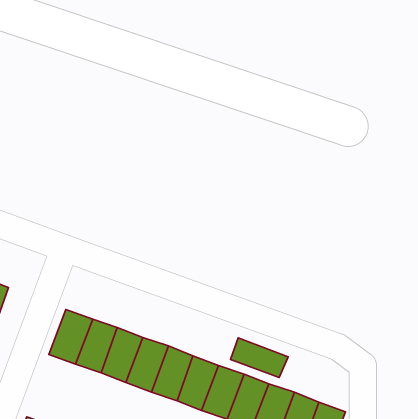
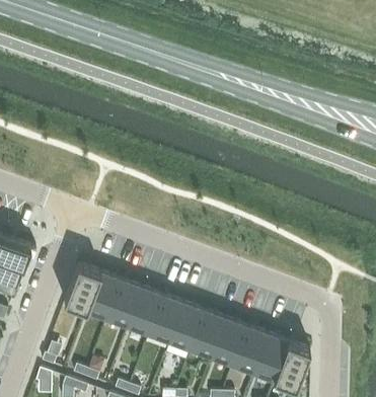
building: [230,338,288,378] -> none

